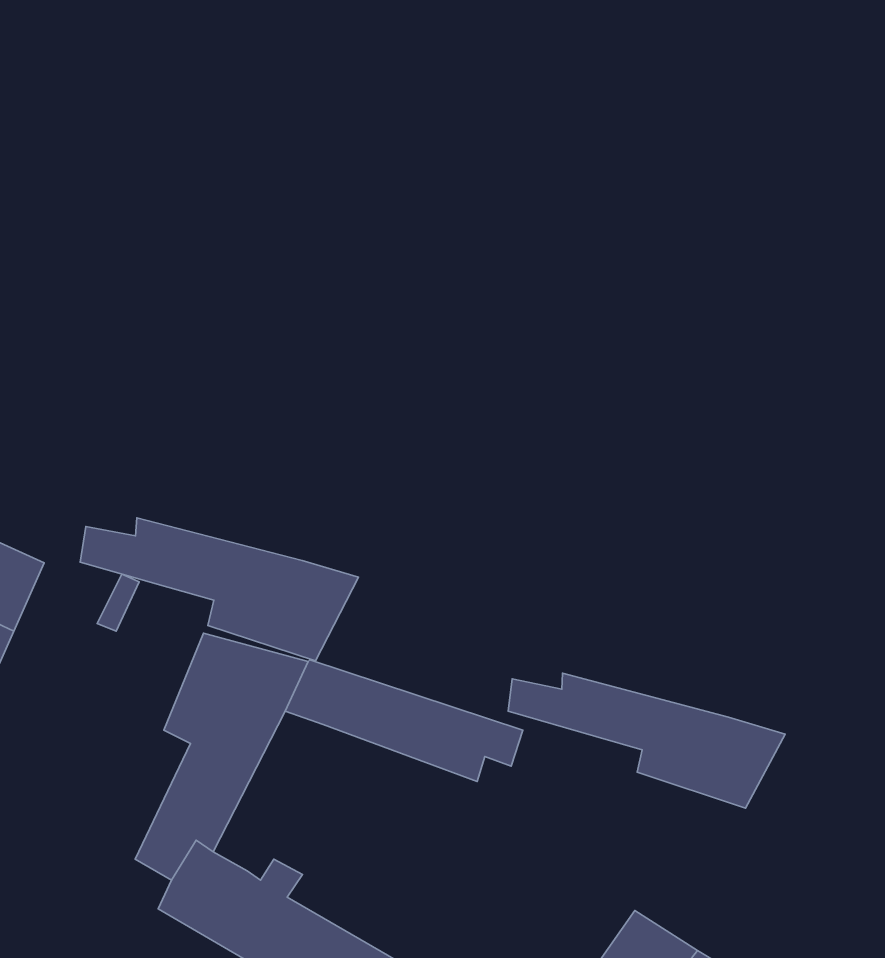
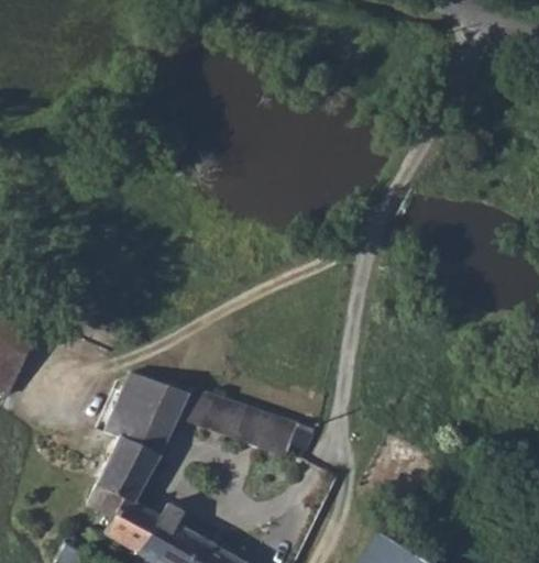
building: [80,518,358,661] -> none
building: [508,673,785,808] -> none

